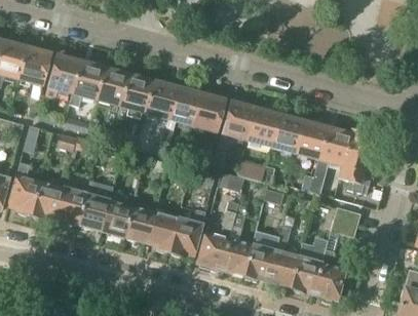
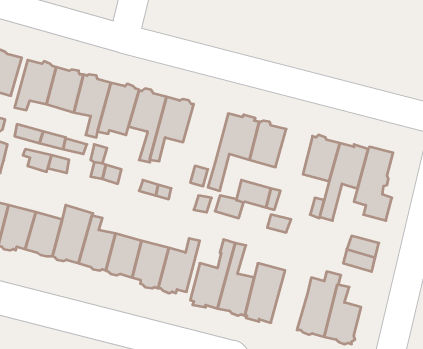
building: [191,93,225,132] -> none
building: [271,115,303,154] -> none
building: [267,226,299,288] -> none

